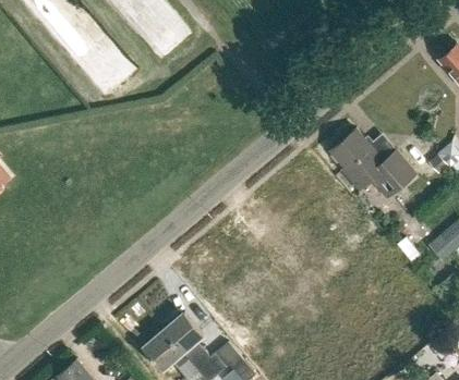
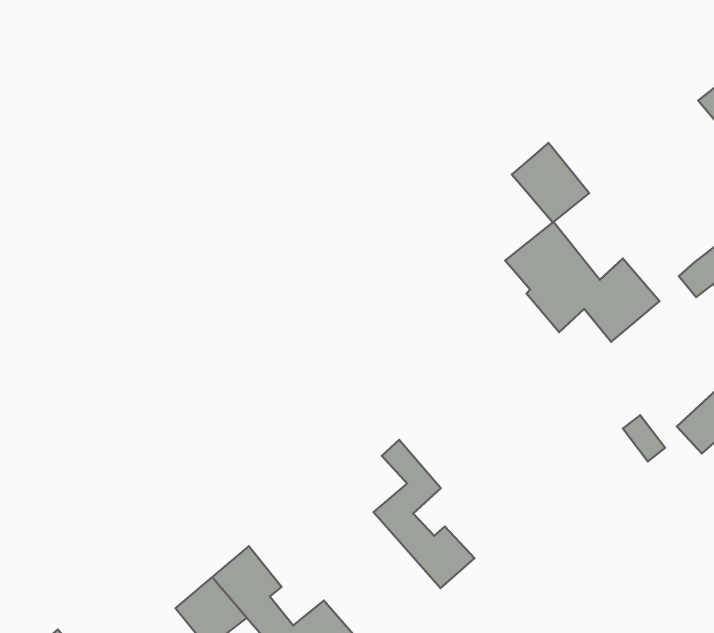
building: none -> [512,143,589,223]
building: none -> [374,440,474,588]

